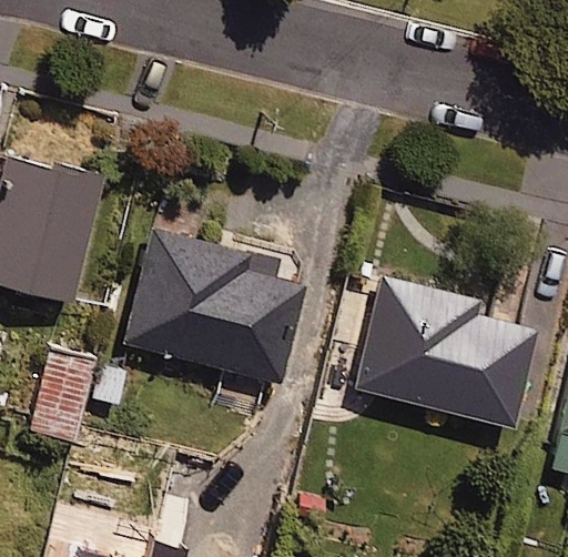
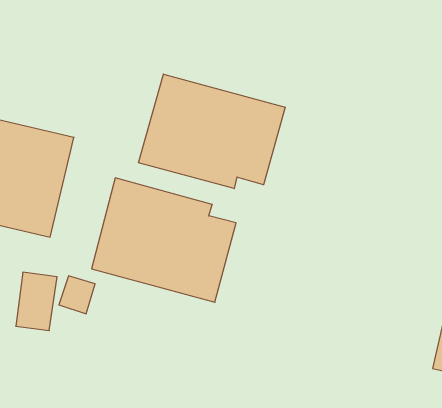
building: none -> [139,74,285,189]
building: [355,277,536,428] -> none

